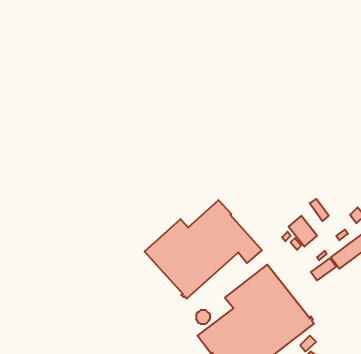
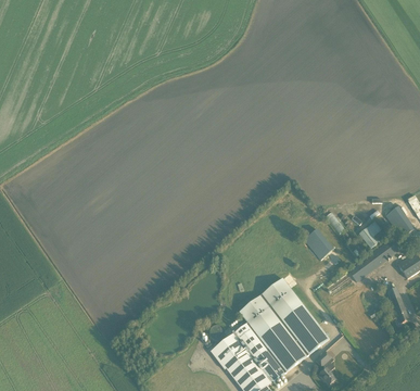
building: [145,200,262,299] -> none

